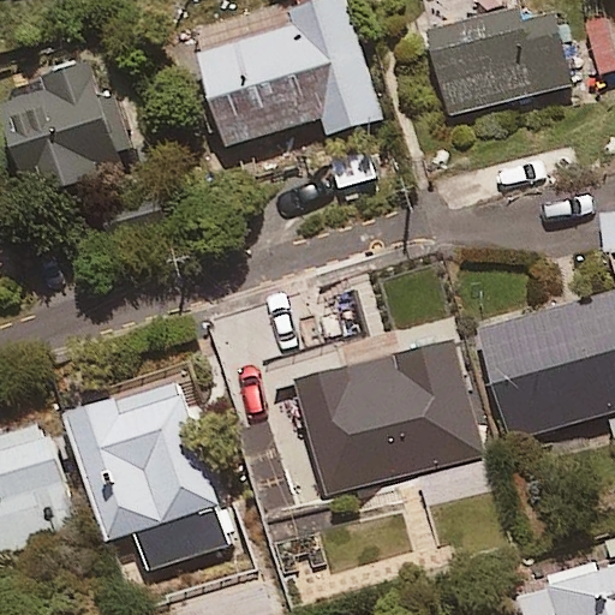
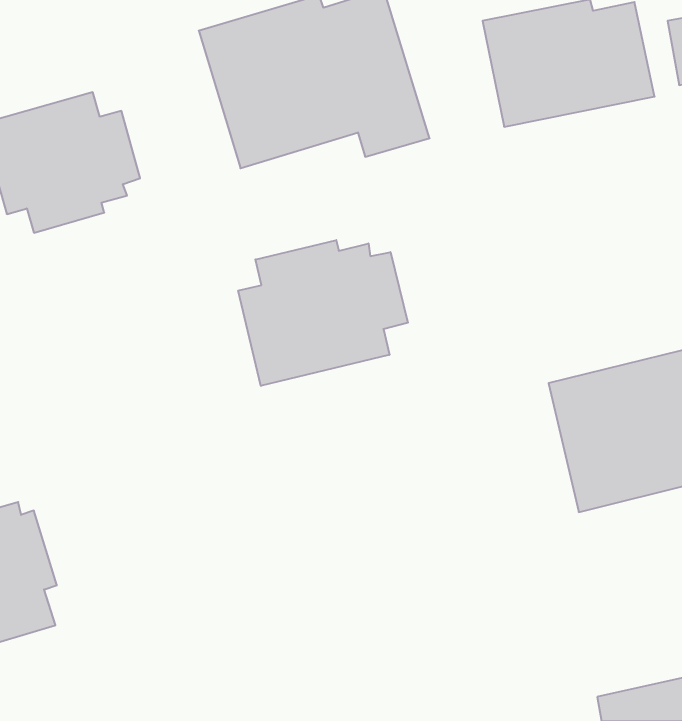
building: none -> [238,240,408,386]
building: [297,345,479,490] -> none
building: [70,387,227,568] -> none

